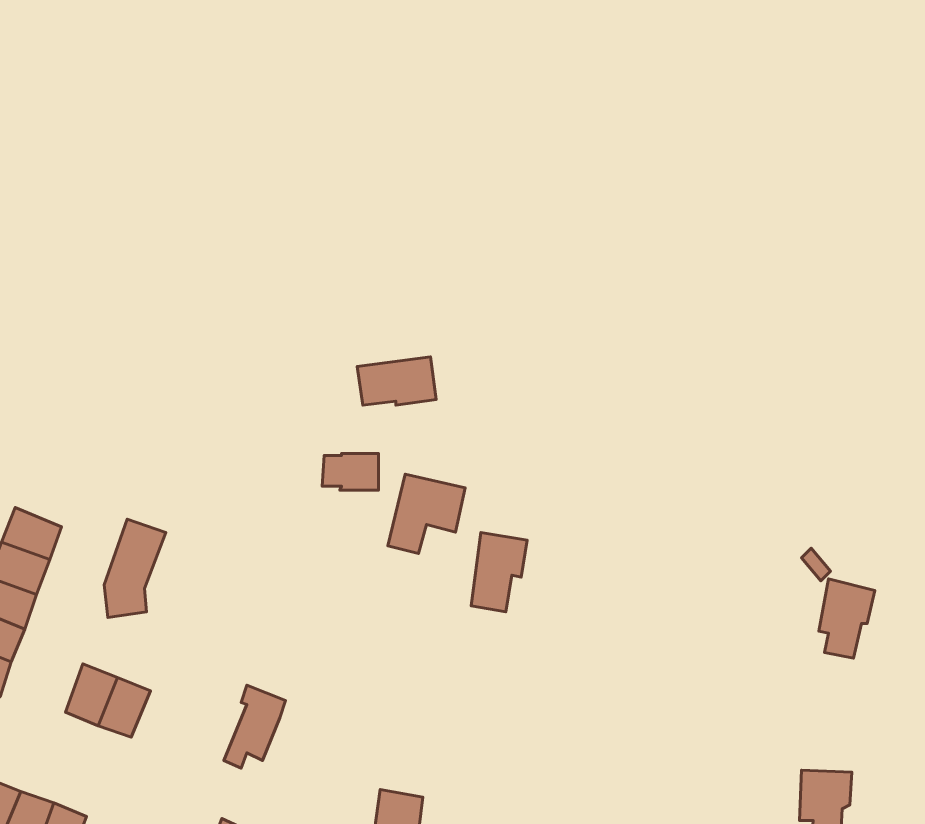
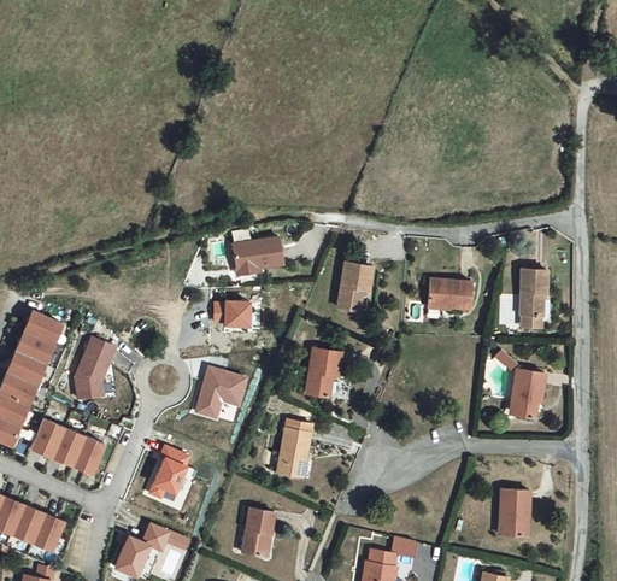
building: none -> [337,259,369,305]
building: none -> [525,276,556,334]
building: none -> [437,278,480,312]
building: [388,474,465,553] -> [196,363,245,412]
building: none -> [20,311,58,342]
building: none -> [30,421,63,458]
building: none -> [276,423,310,474]

